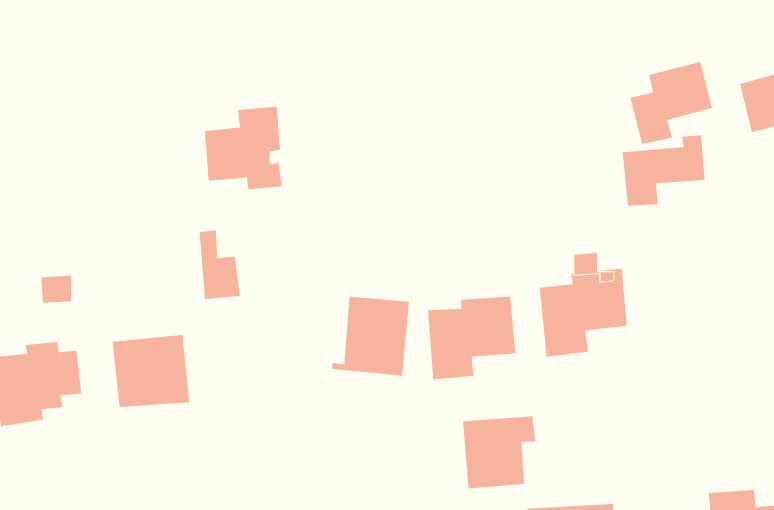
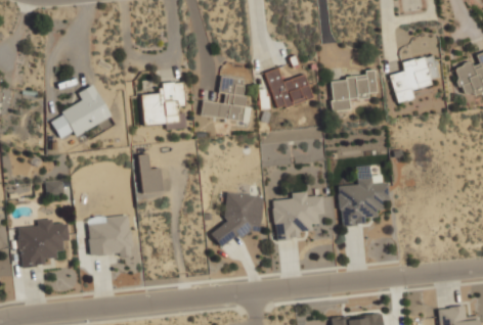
building: none -> [265,67,313,109]
building: none -> [201,76,251,122]
building: none -> [50,83,111,140]
building: [622,135,705,206] -> [330,68,379,110]
building: [463,416,536,489] -> none

